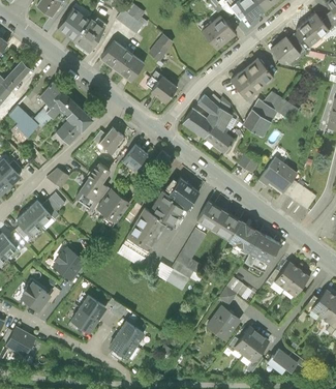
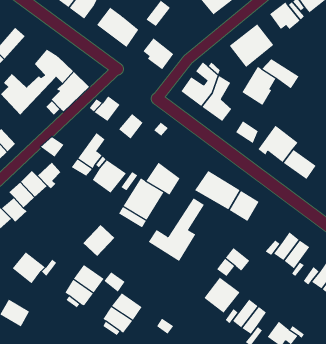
building: [164,177,201,211] -> none
building: [242,232,281,275] -> none
building: [51,247,83,279] -> [82,224,115,257]

